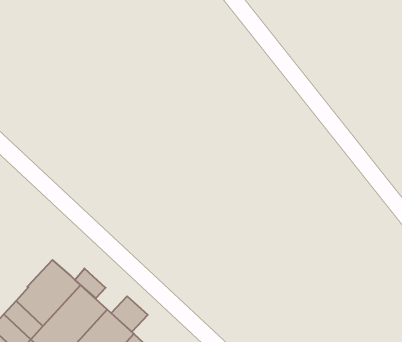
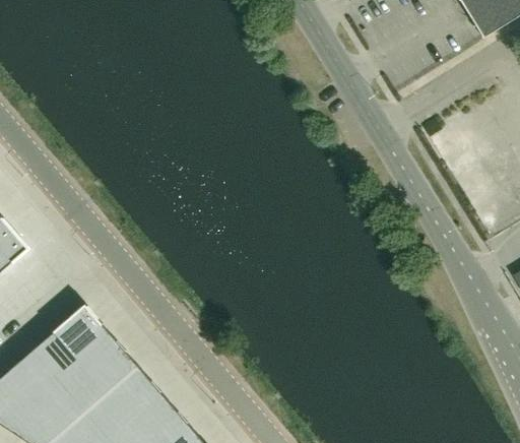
building: [75,268,106,298] -> none
building: [111,296,148,332] -> none

